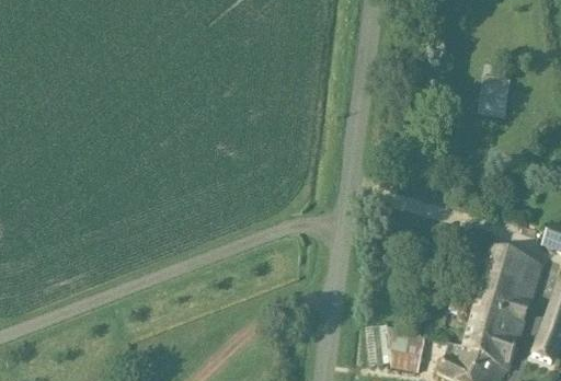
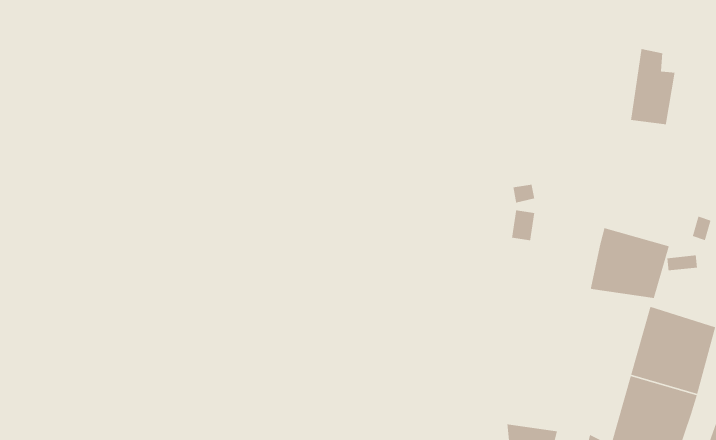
building: none -> [590,227,670,299]

